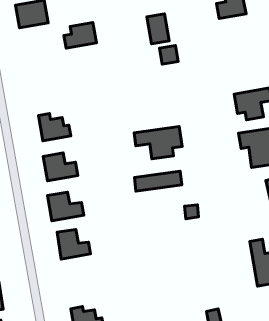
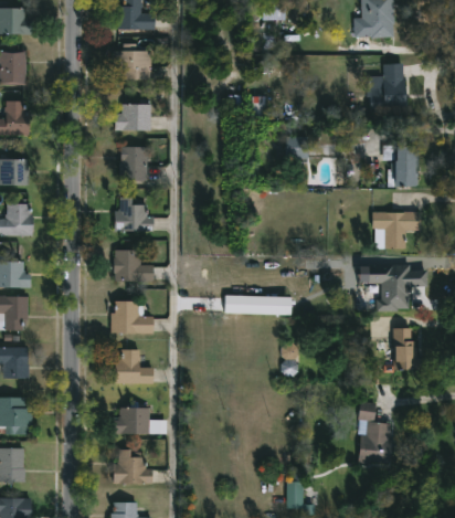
building: [147,14,169,44] -> none
building: [64,23,96,48] -> [112,104,151,130]
building: none -> [395,147,416,187]
building: none -> [120,147,147,181]
building: [134,127,182,159] -> none
building: none -> [119,409,166,433]

